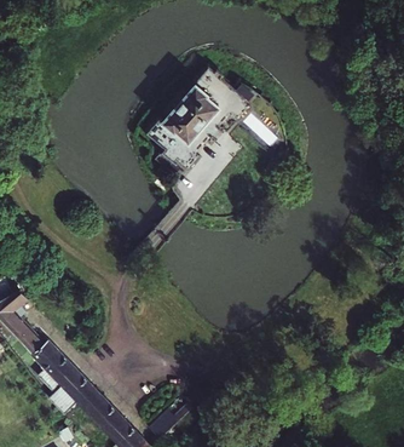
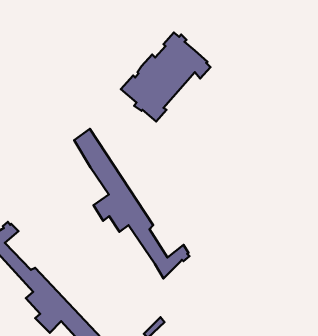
building: none -> [74,129,189,279]

